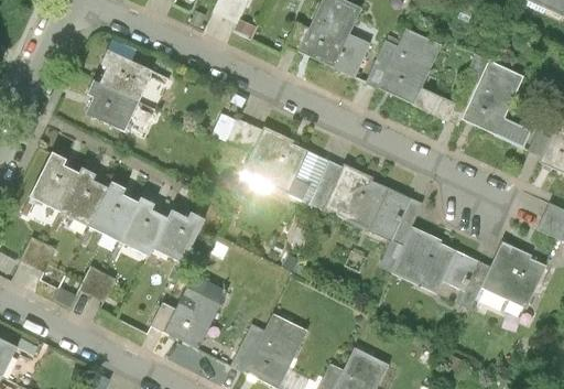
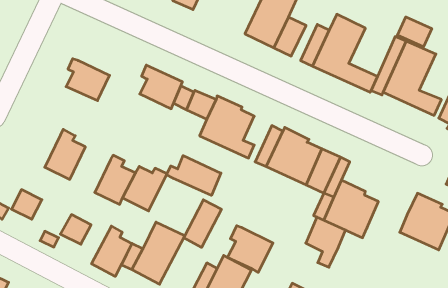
building: none -> [397,17,432,47]
building: [100,50,151,101] -> [140,65,182,109]
building: [31,150,79,210] -> none
building: [90,181,139,240] -> none
building: none -> [167,156,221,195]
building: none -> [184,200,221,247]
building: [444,251,491,311] -> [306,217,346,267]
building: none -> [227,226,273,272]
building: none -> [92,226,132,276]

